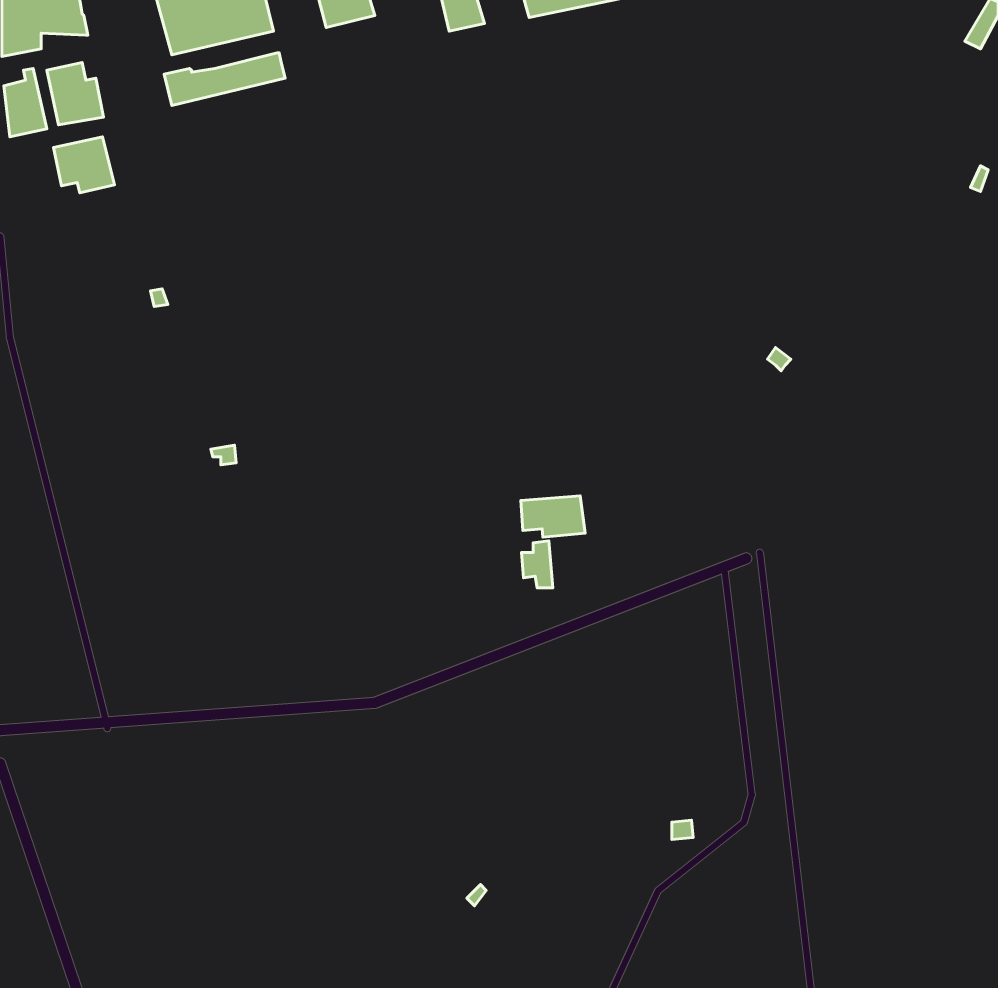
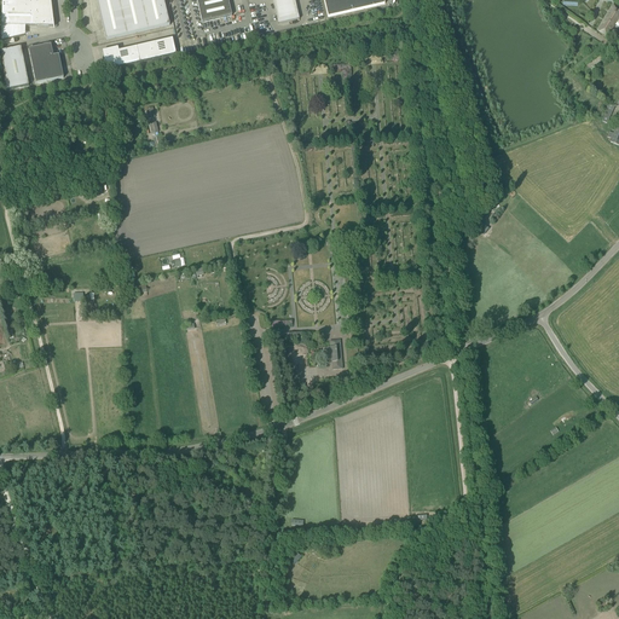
building: [53,137,115,193] -> none
building: [521,496,585,537] -> none

